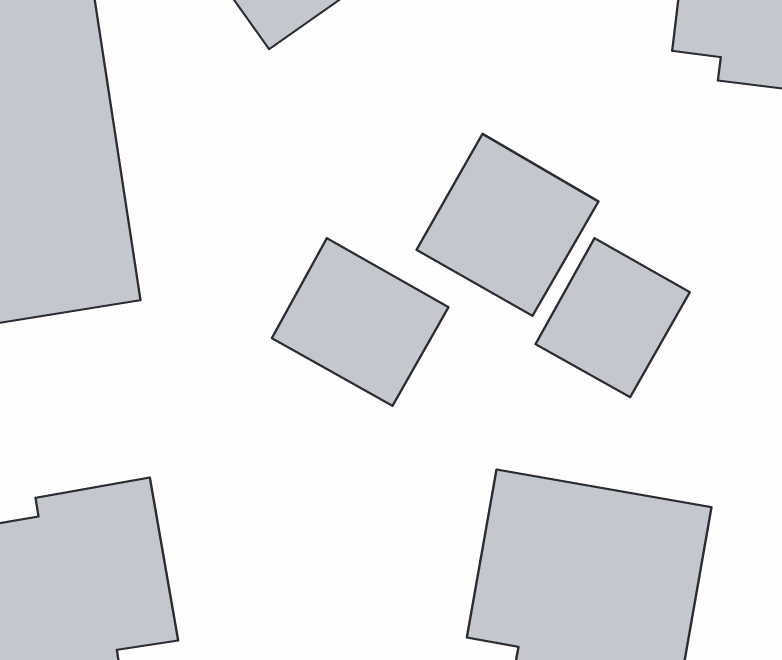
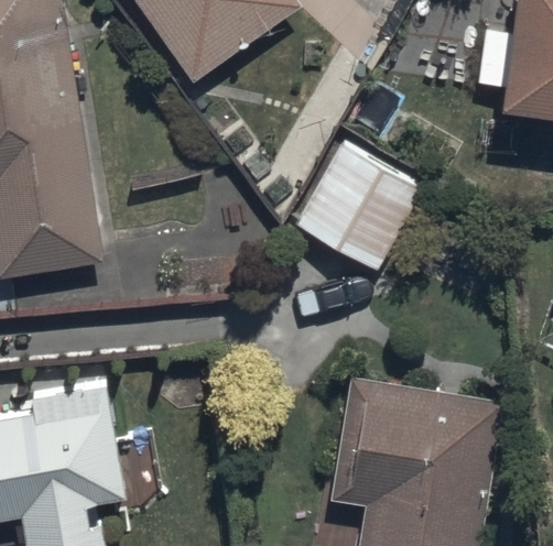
building: [535,238,690,397] -> none
building: [272,238,448,406] -> none

